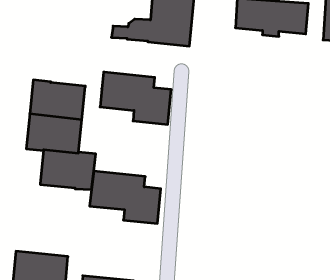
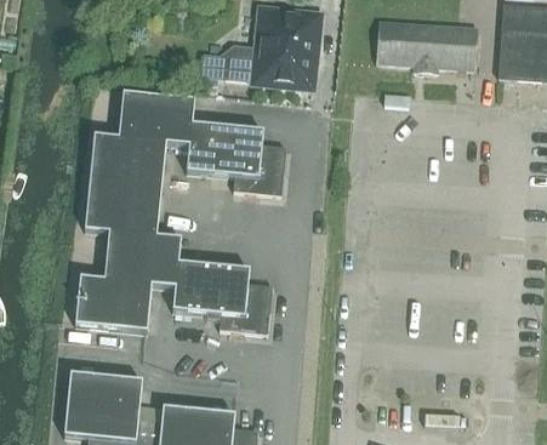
building: none -> [118,91,195,146]
building: none -> [74,275,152,331]

